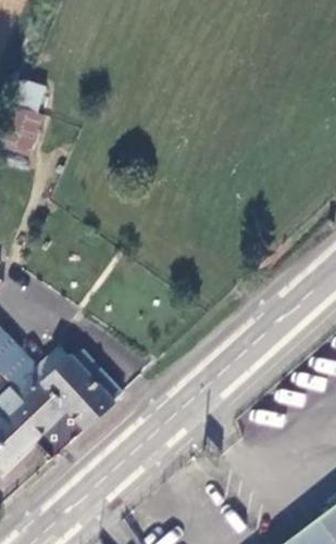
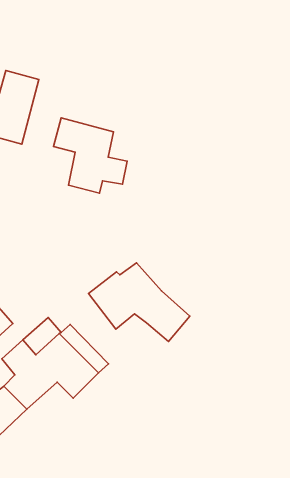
building: none -> [53,118,127,193]
building: none -> [89,263,190,342]

